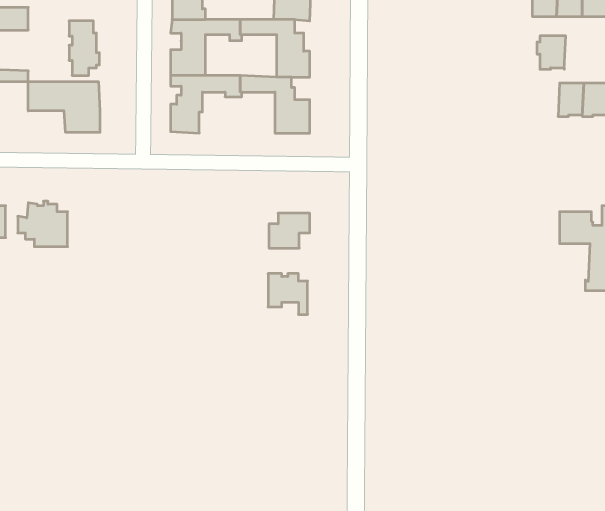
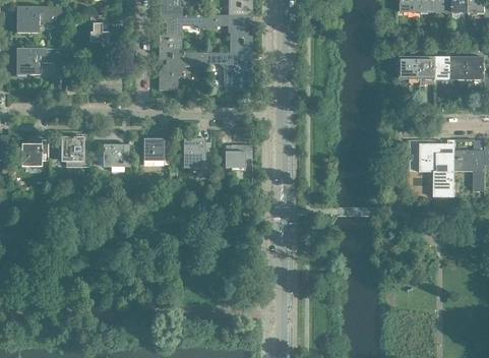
building: [537,36,566,69] -> [400,57,419,79]
building: [28,82,100,132] -> none
building: none -> [142,132,169,161]
building: none -> [103,144,129,166]
building: [268,274,308,314] -> [183,144,209,172]

